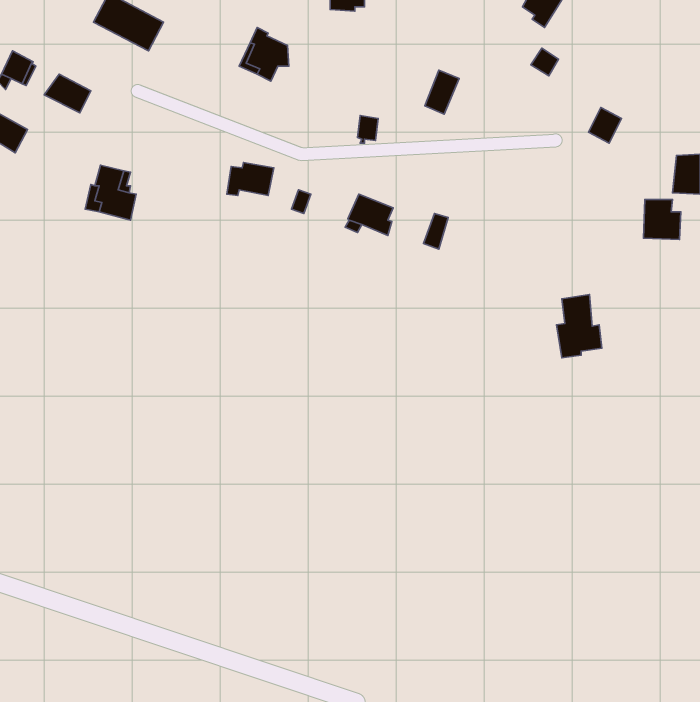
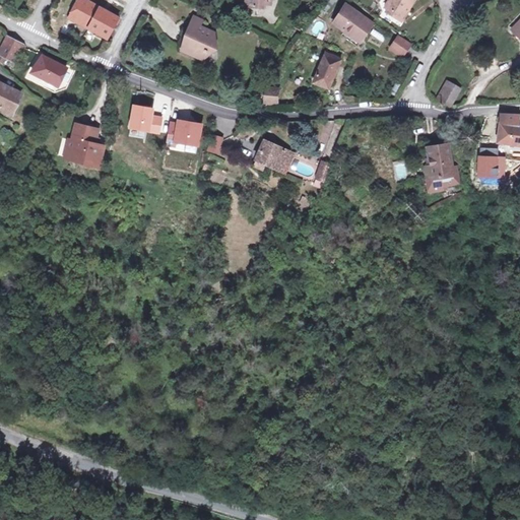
building: none -> [331,4,372,41]
building: none -> [131,106,161,132]
building: [556,295,602,358] -> [424,143,457,190]

